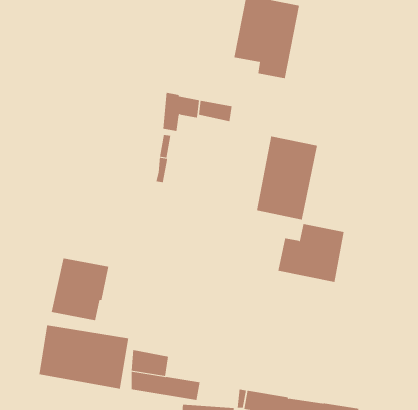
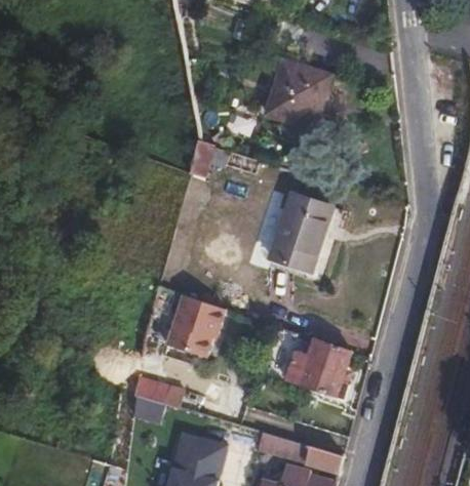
building: [277,224,345,283] -> [284,339,351,398]
building: [51,258,109,321] -> [166,295,226,358]
building: [39,324,129,389] -> none

